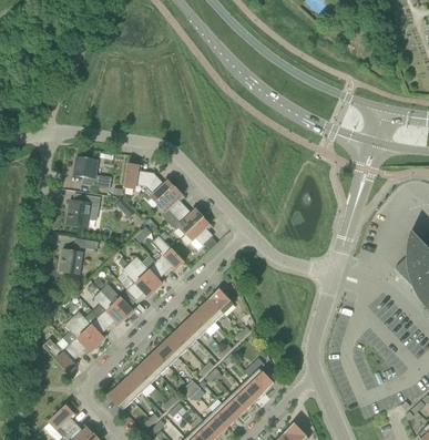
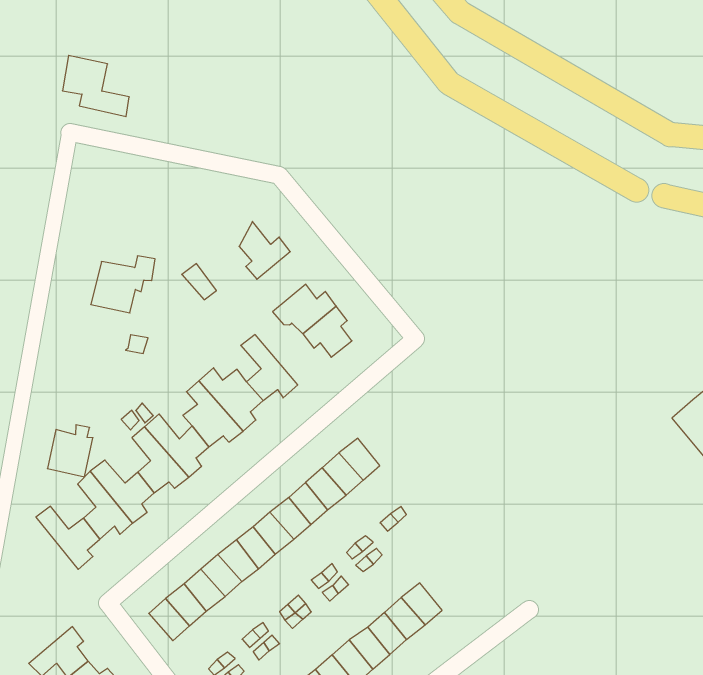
building: [72,156,110,188] -> [62,55,129,117]
building: [123,164,152,190] -> none
building: [156,188,184,223] -> none
building: [58,246,82,275] -> [47,425,93,477]

